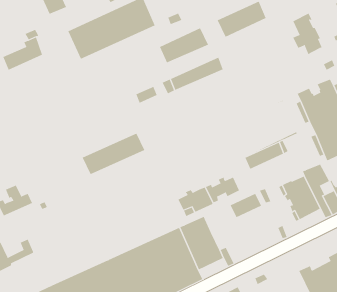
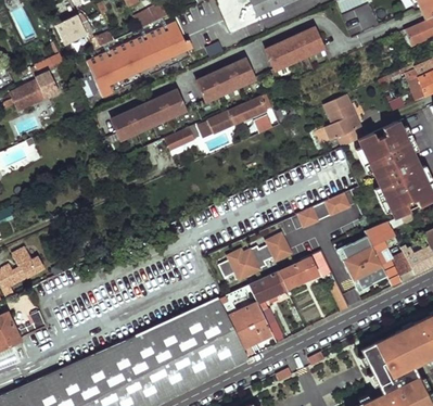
building: [292,13,323,55] -> [327,96,362,145]
building: [82,133,145,175] -> [111,91,186,141]
building: none -> [250,269,289,303]

